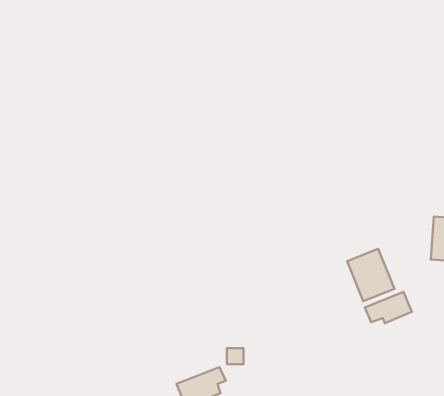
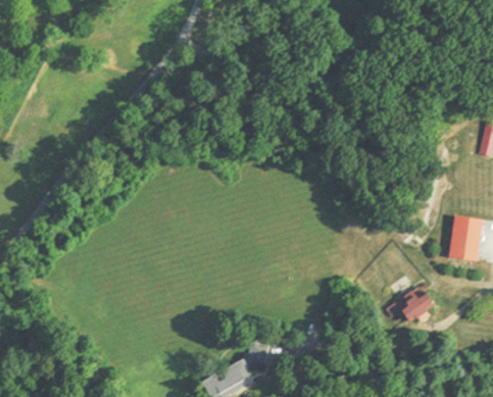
building: [347,249,395,301] -> none

